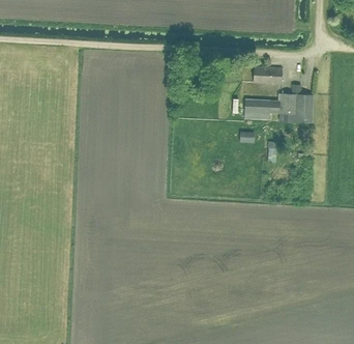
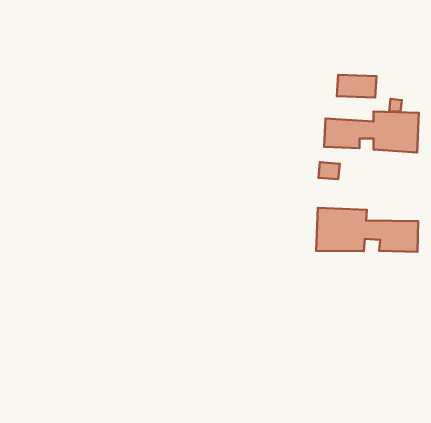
building: none -> [316,208,418,252]

